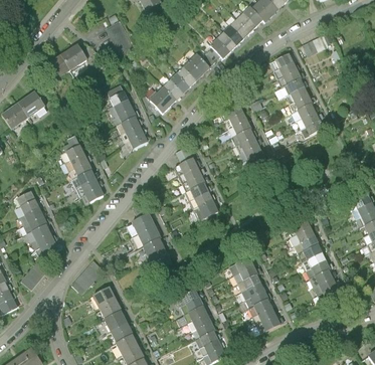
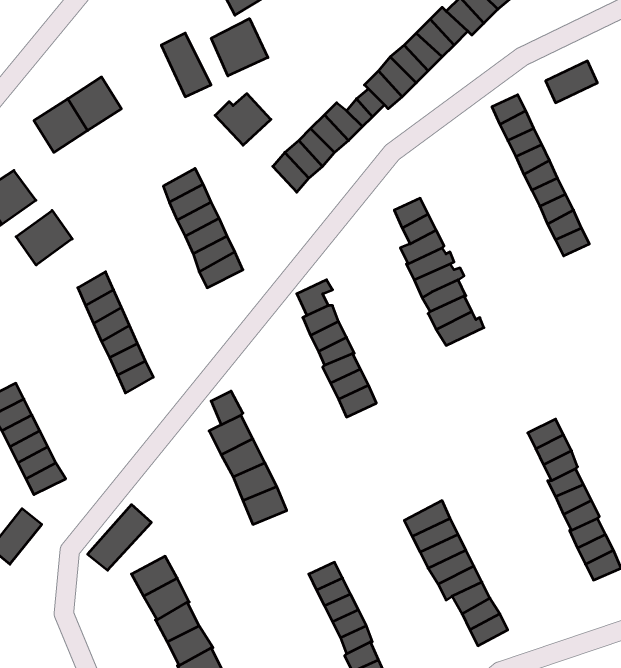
building: none -> [211,19,268,76]
building: [147,88,175,115] -> [215,94,271,145]
building: none -> [16,210,72,265]

